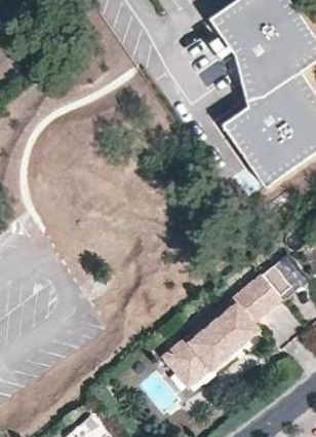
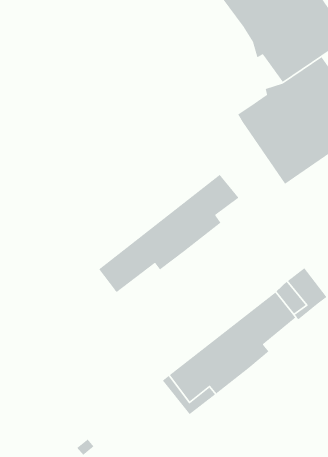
building: none -> [98,174,239,293]

